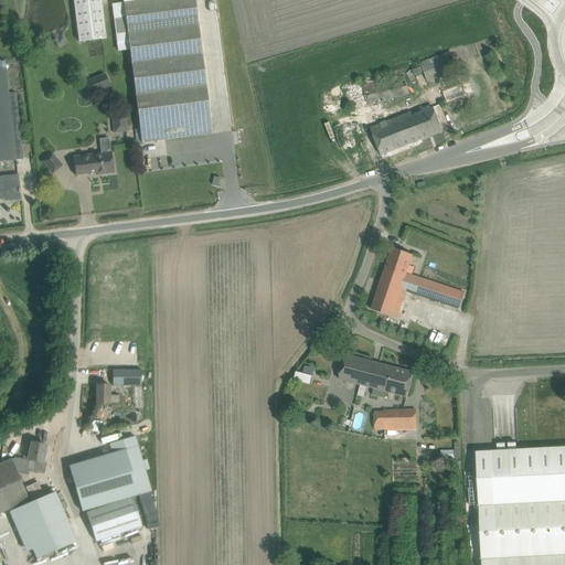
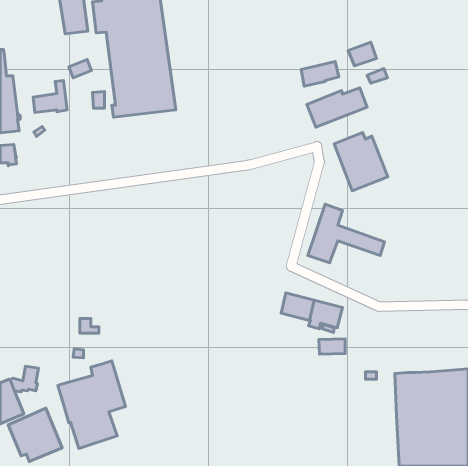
building: [73,136,114,174] -> [33,81,67,113]
building: none -> [334,133,388,191]
building: [113,369,141,384] -> none

